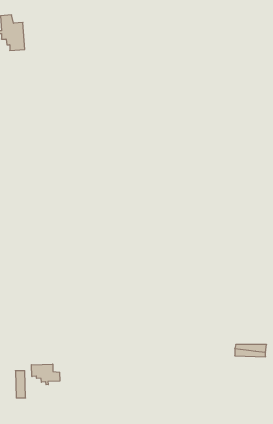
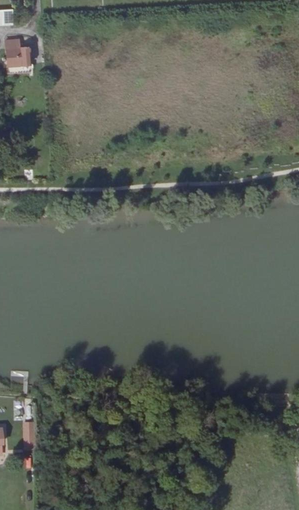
building: [31,364,60,385] -> none

